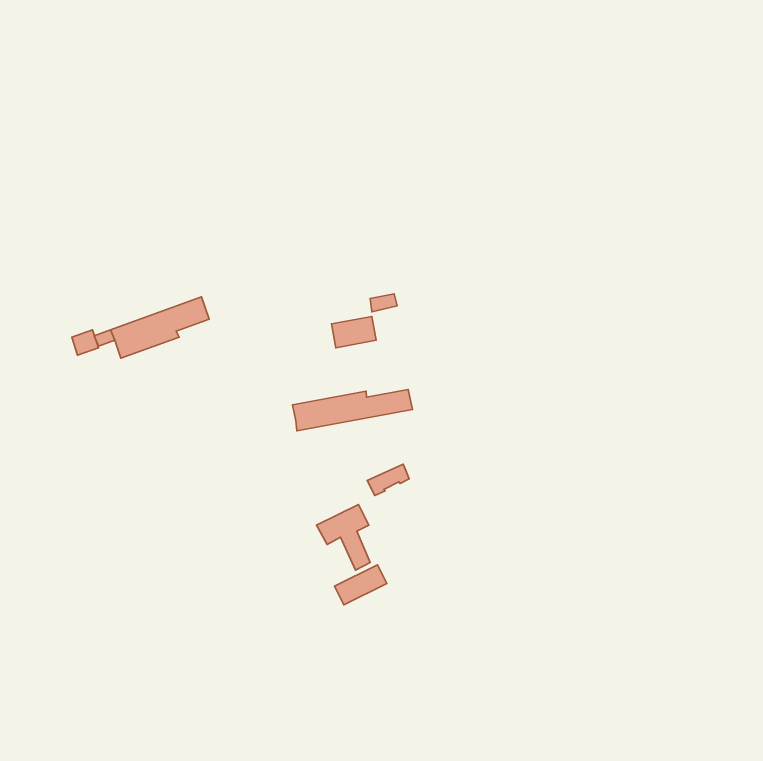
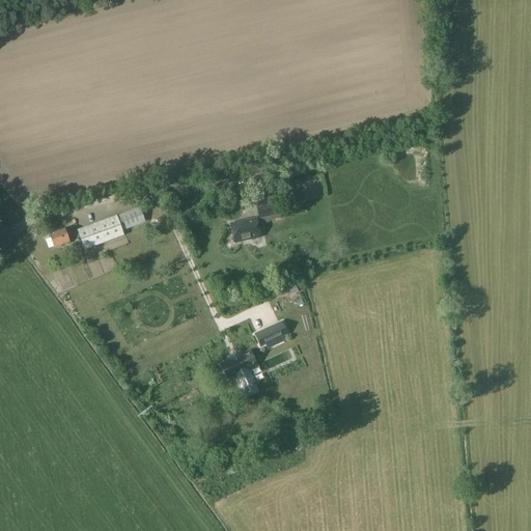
building: [292,389,412,431] -> none
building: [335,565,387,605] -> none

